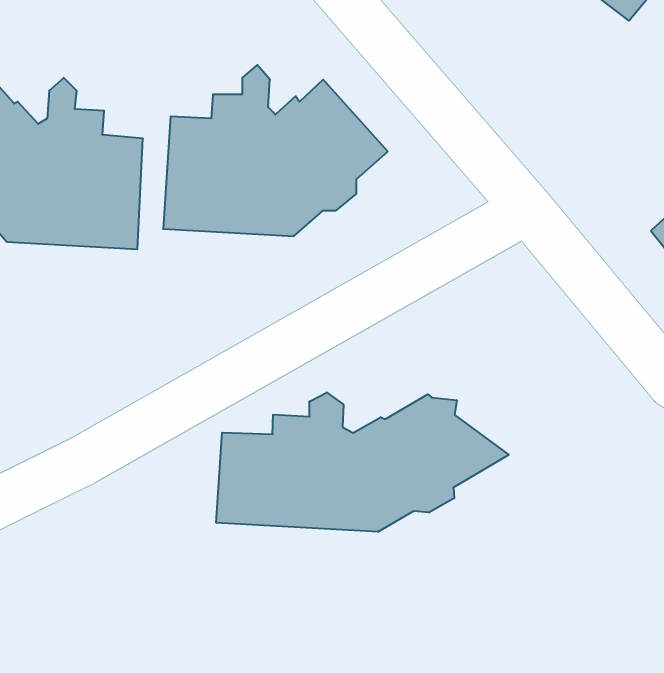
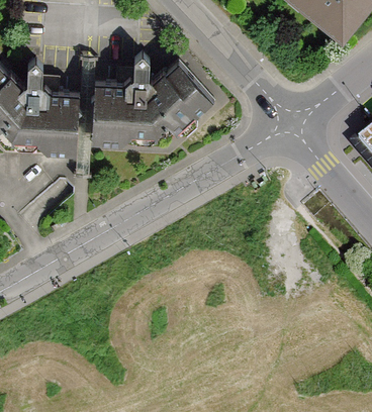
building: [216,392,509,532] -> none

